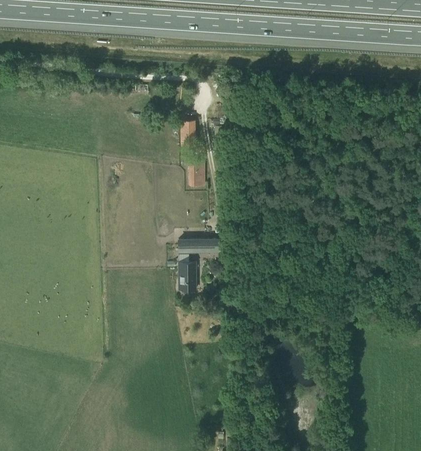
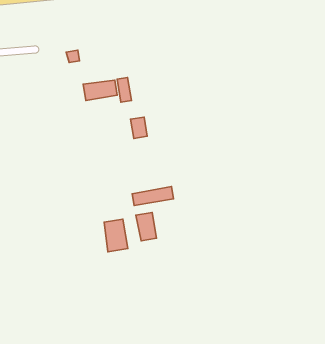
building: none -> [83,80,117,101]
building: none -> [104,219,128,252]

